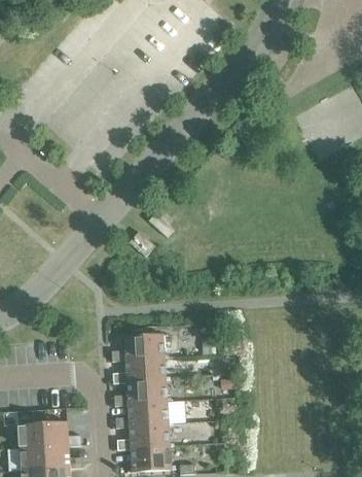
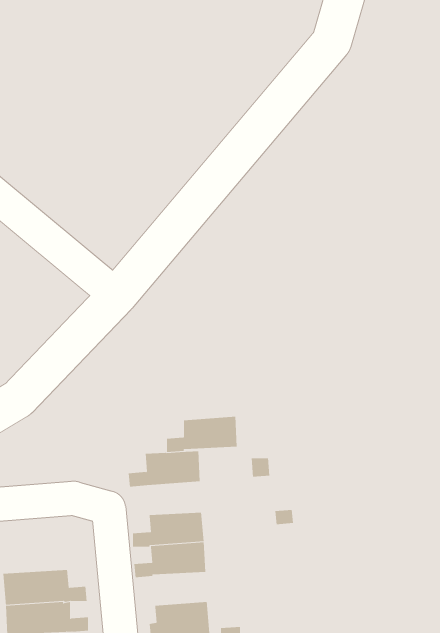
building: [112,356,165,383] -> [166,416,237,452]
building: [115,423,169,449] -> none

